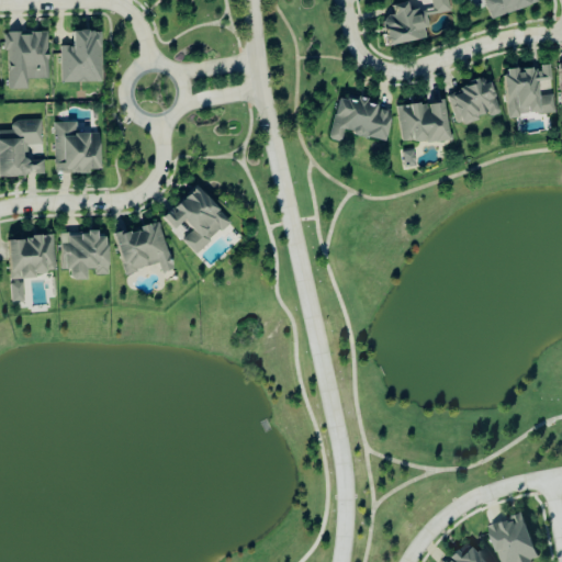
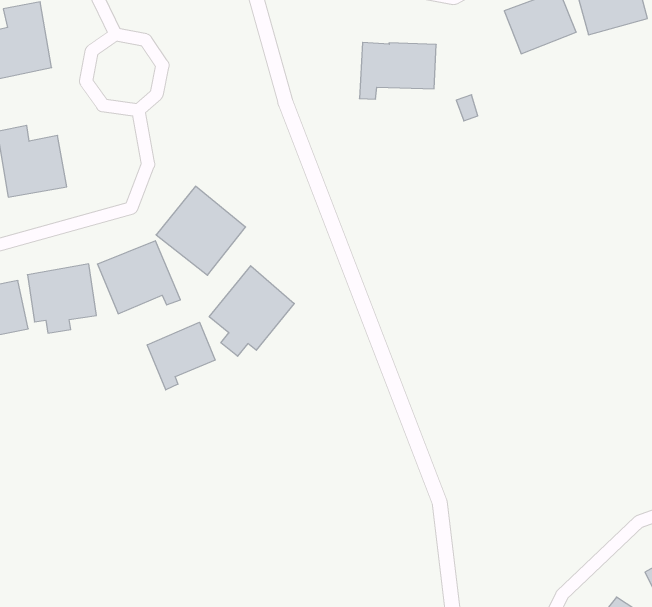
building: [398,100,450,144] -> none
building: none -> [209,266,294,356]
building: none -> [147,322,215,390]

